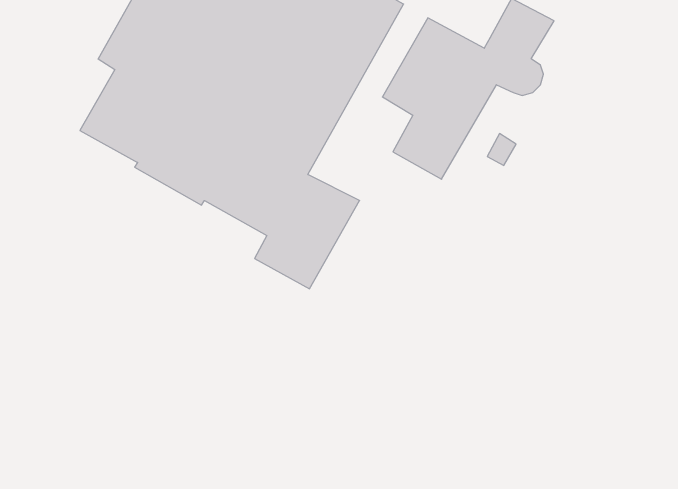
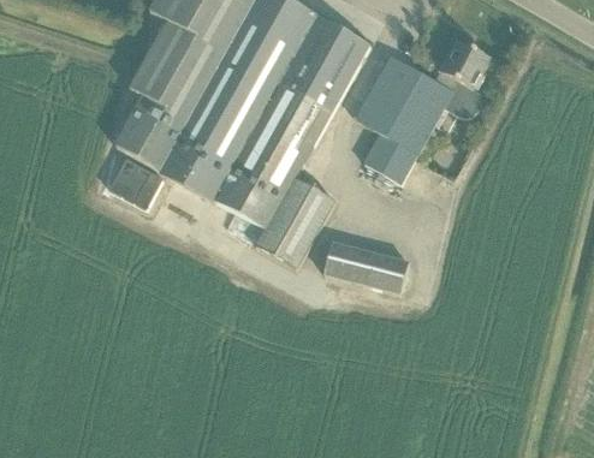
building: none -> [109,157,162,208]
building: none -> [323,239,408,297]

